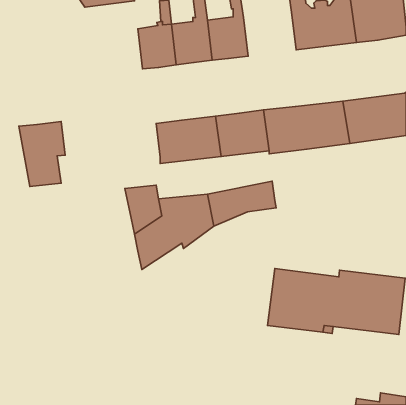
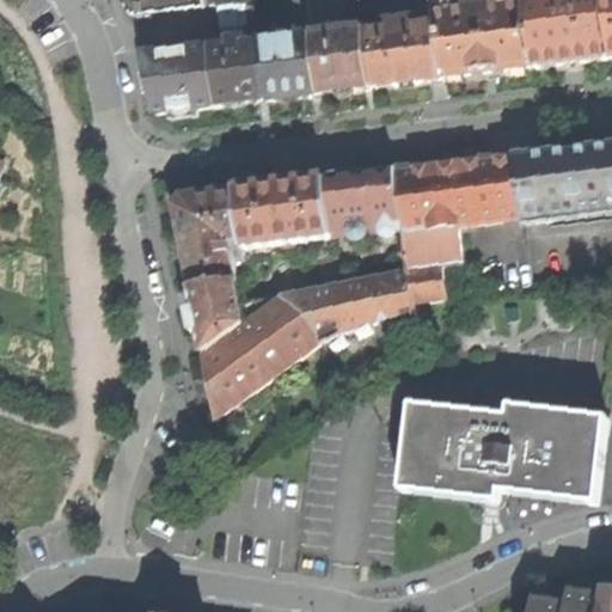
building: none -> [363,14,442,84]
building: none -> [141,43,213,110]
building: [19,121,65,186] -> [170,184,239,281]
building: none -> [402,222,463,299]

